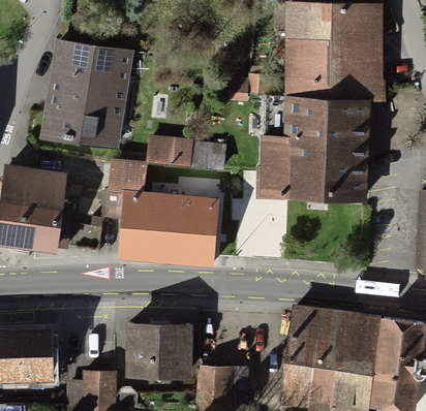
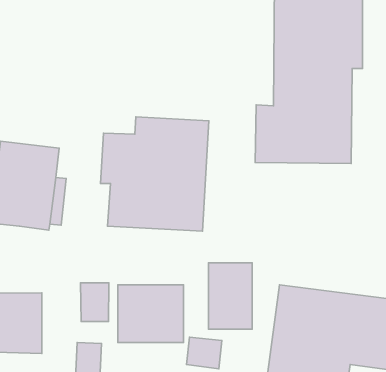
building: [43,48,128,146] -> none
building: none -> [209,263,252,329]
building: none -> [80,283,109,322]

